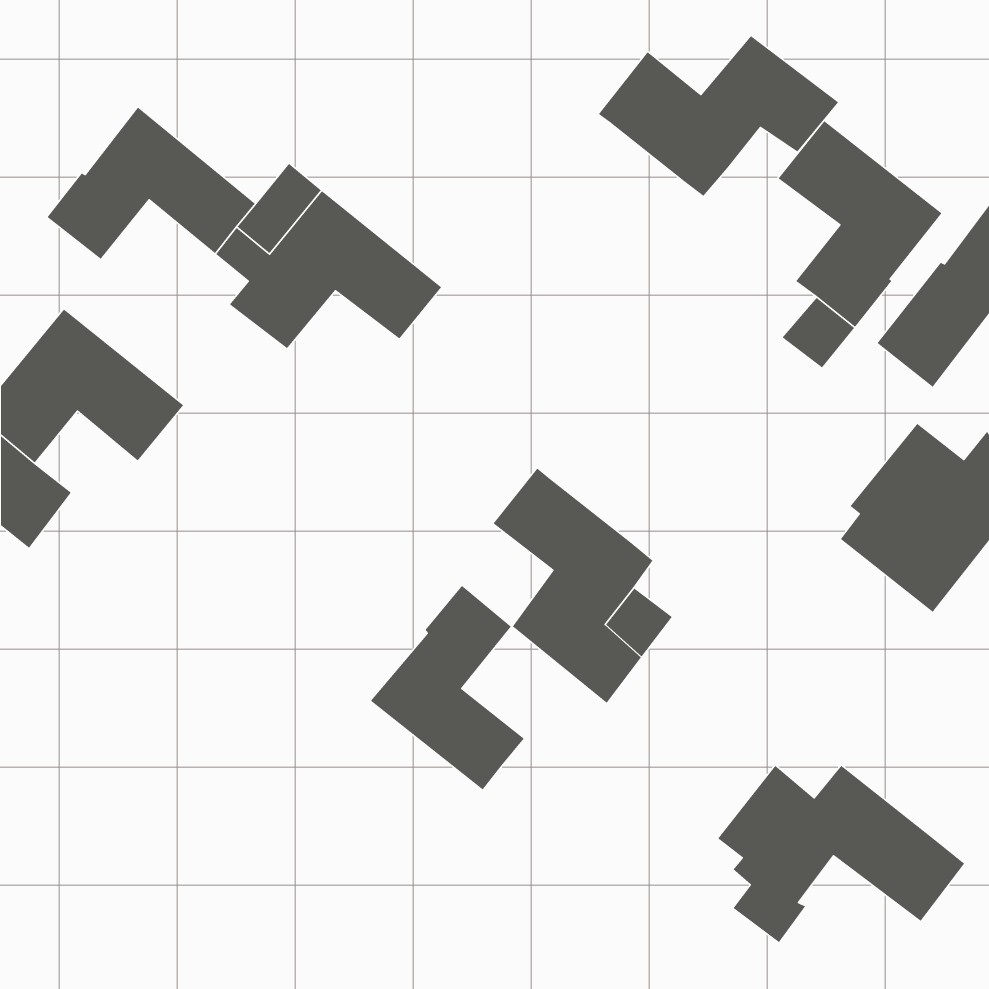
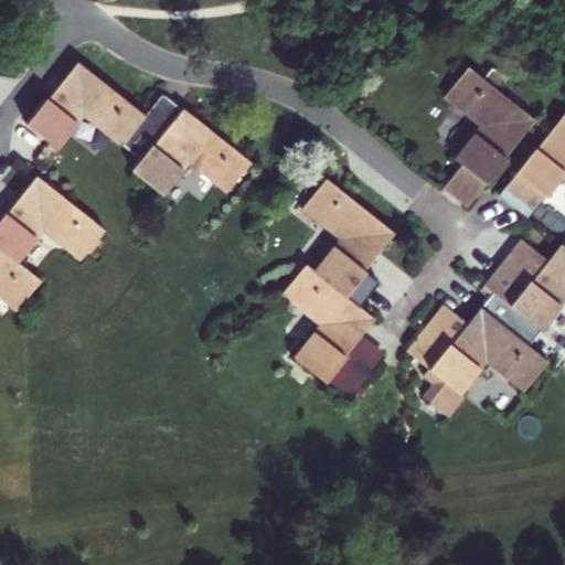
building: [598,35,839,197] -> none
building: none -> [302,180,395,309]
building: [370,585,525,791] -> none
building: [717,765,965,943] -> [408,307,550,408]

